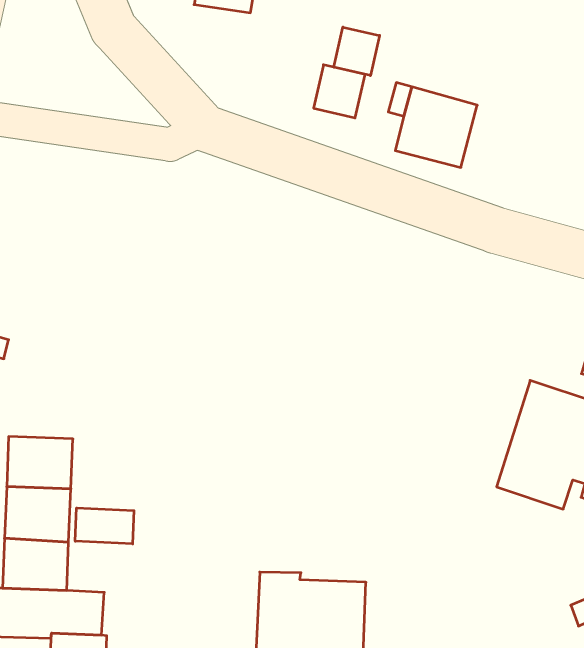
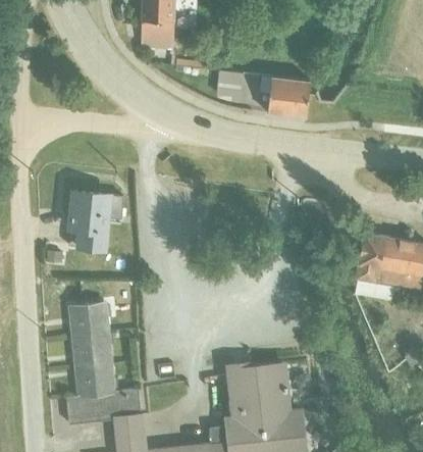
building: [334,27,380,76] -> none
building: none -> [68,192,122,250]
building: [75,508,134,544] -> none

